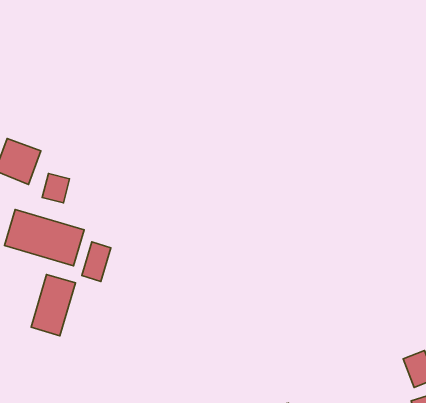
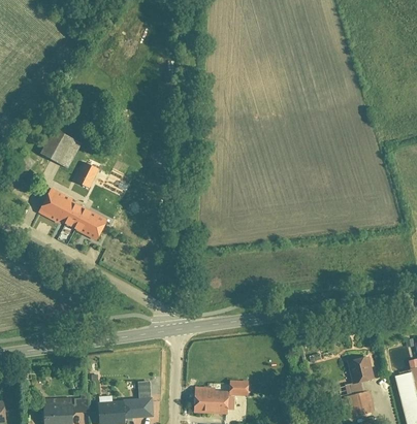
building: [82,242,111,281] -> none
building: [31,274,75,336] -> none

